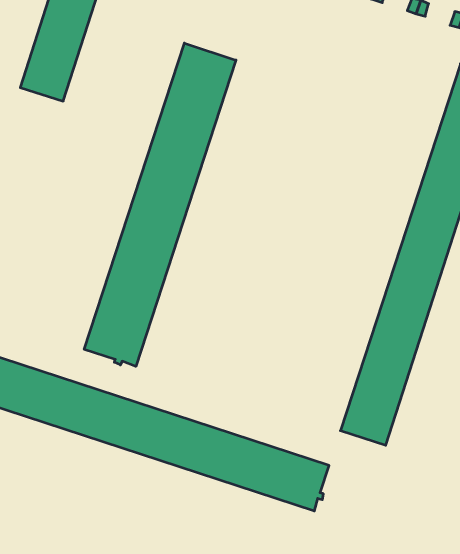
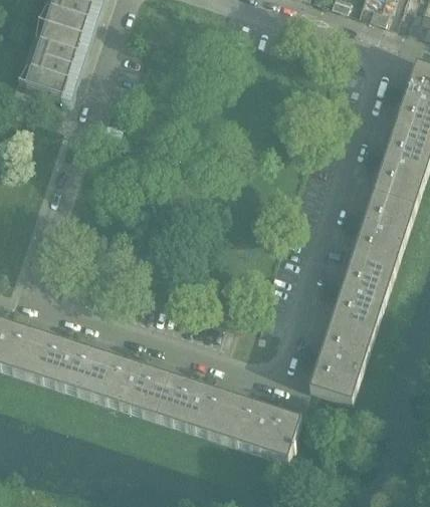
building: [84,43,236,366] -> none

